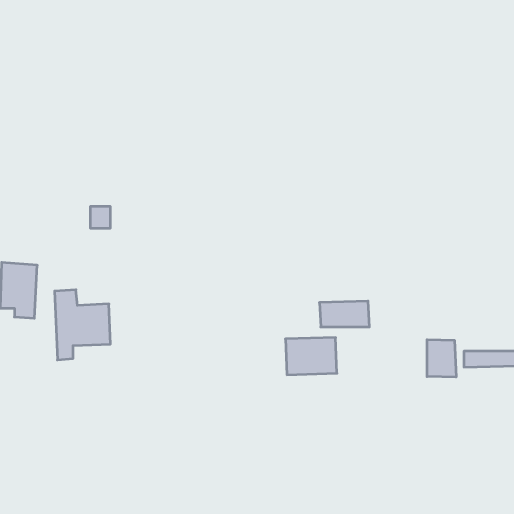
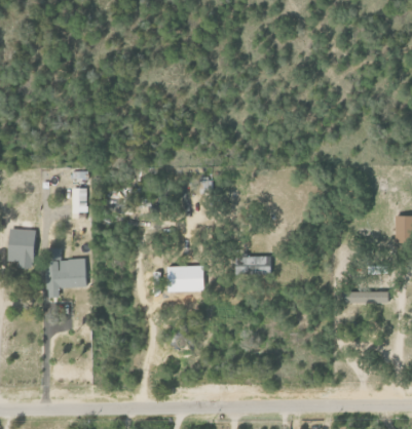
building: [285,338,337,375] -> [167,266,204,292]
building: [427,340,456,377] -> none

